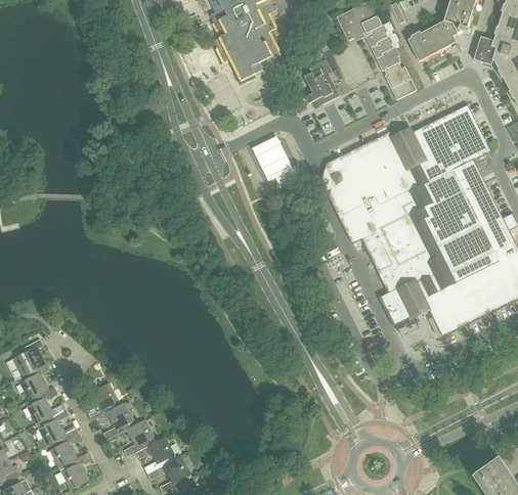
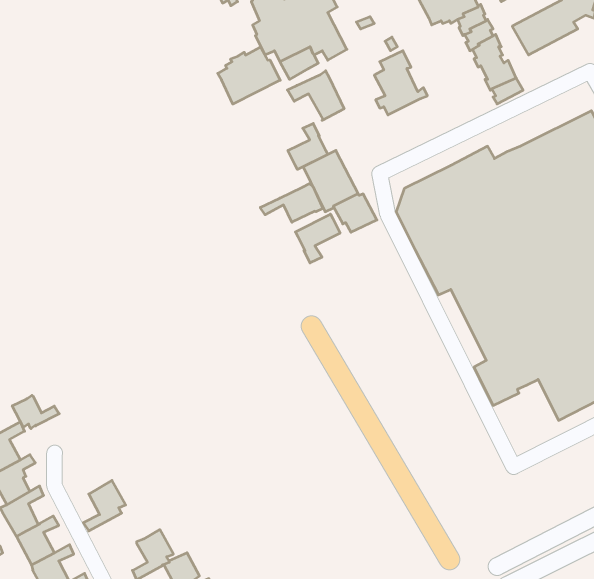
building: none -> [218,47,280,104]
building: none -> [287,71,344,120]
building: none -> [288,123,328,169]
building: none -> [260,184,323,222]
building: none -> [295,214,340,263]
building: none -> [12,395,59,429]
building: [102,400,133,438] -> none

